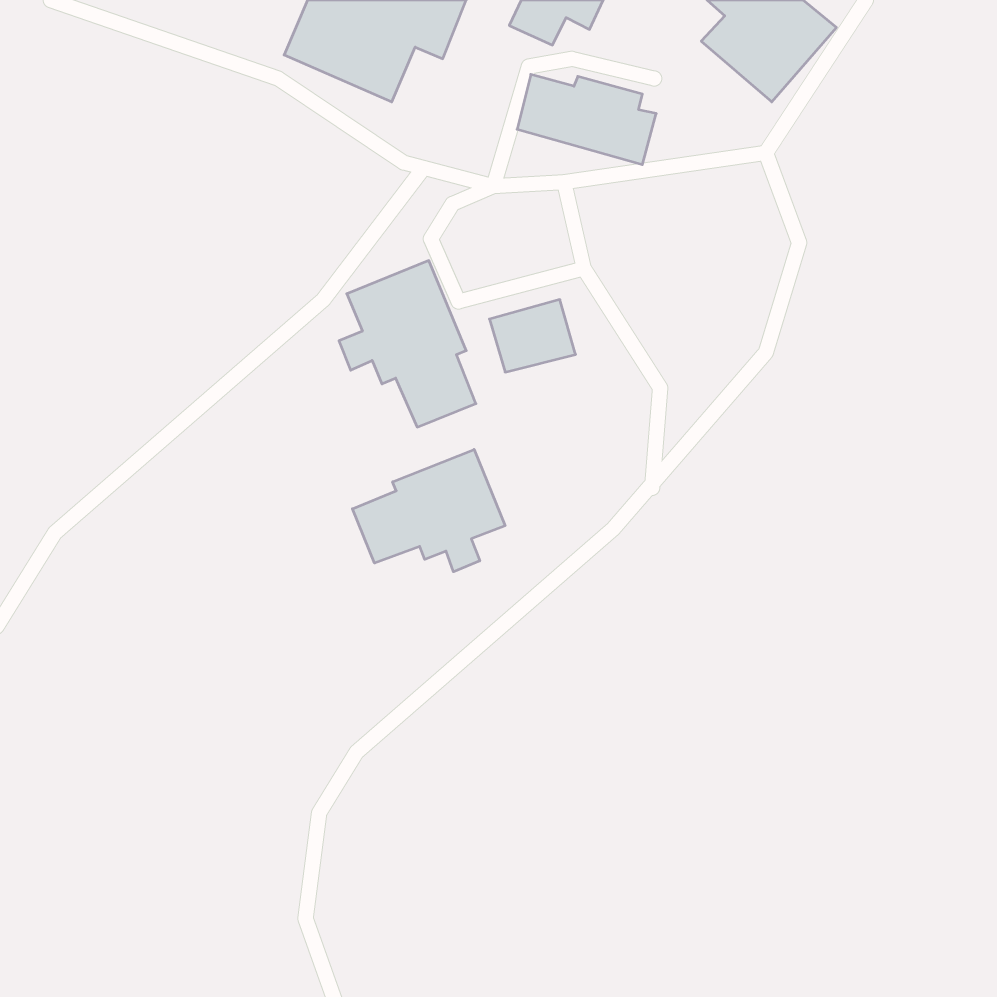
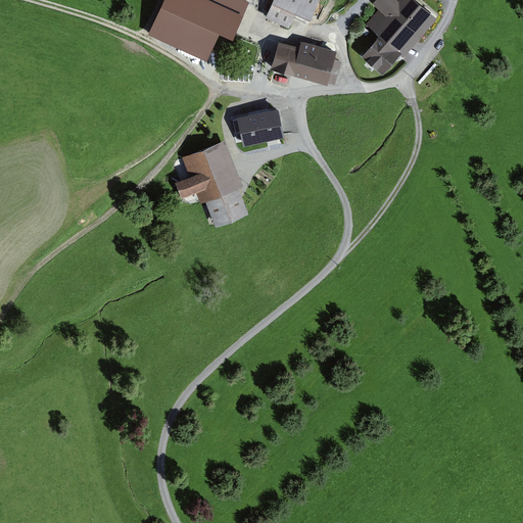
building: none -> [360,35,398,74]
building: [489,300,576,372] -> [237,107,282,145]
building: [352,449,505,572] -> none

